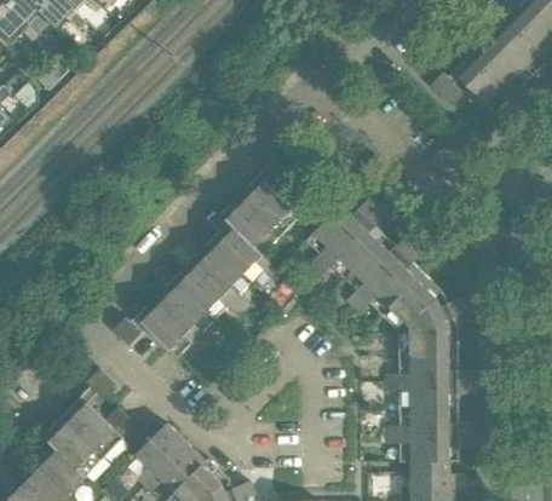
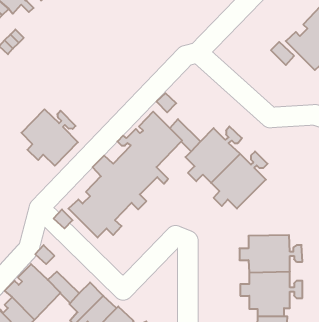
building: none -> [21,109,78,166]
building: [380,273,470,356] -> none

